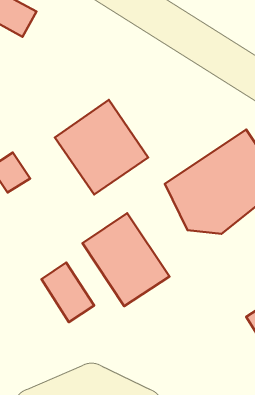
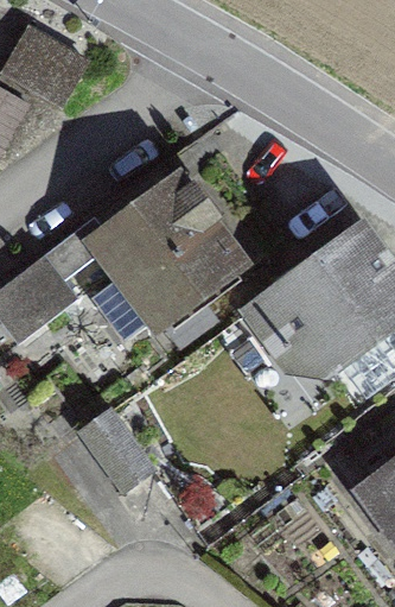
building: [83,213,170,306] -> none

